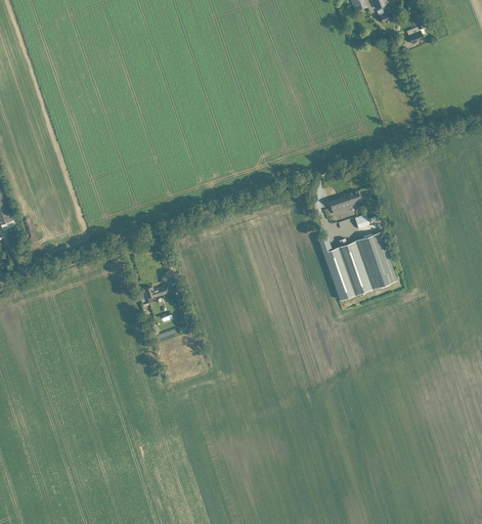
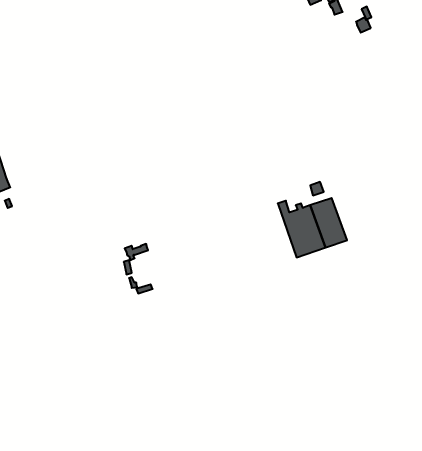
building: [326,191,359,216] -> none

